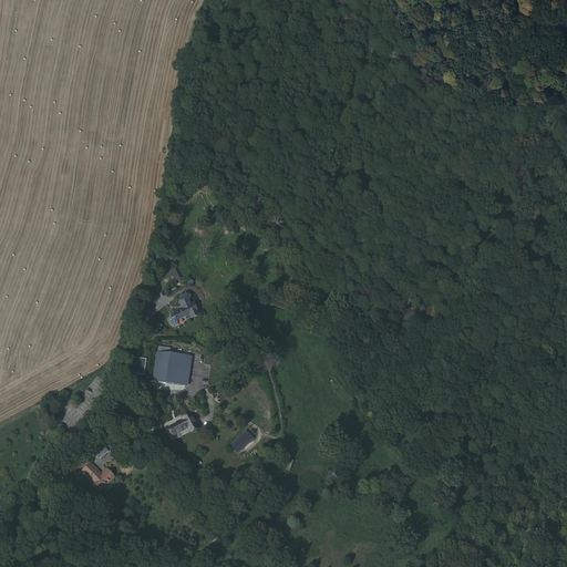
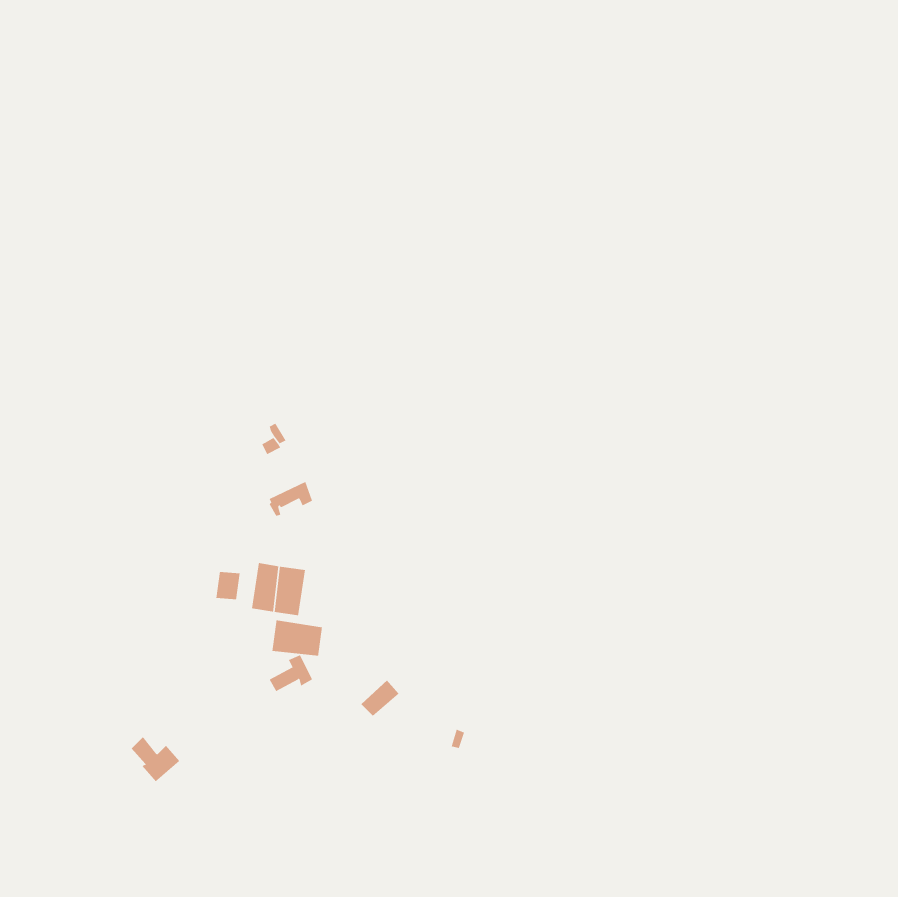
building: none -> [272,620,322,657]

